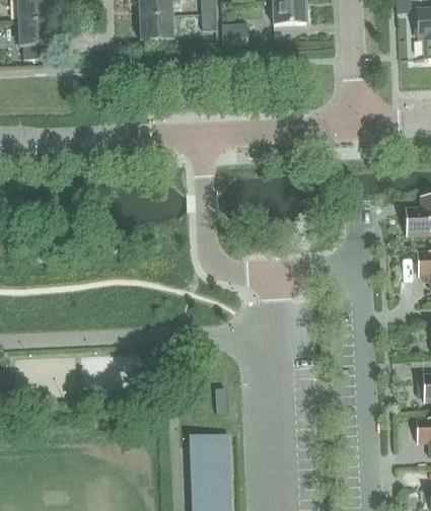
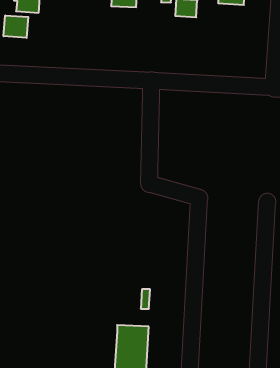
building: none -> [4,15,28,38]

